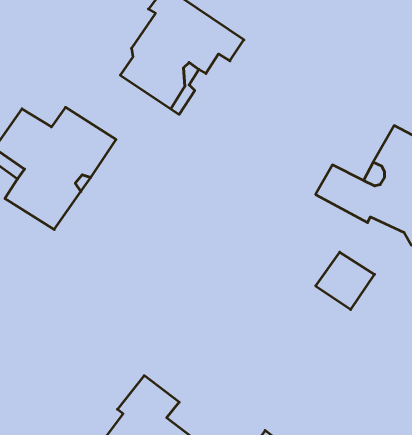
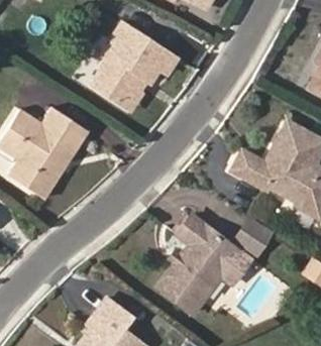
building: none -> [158,214,252,315]

